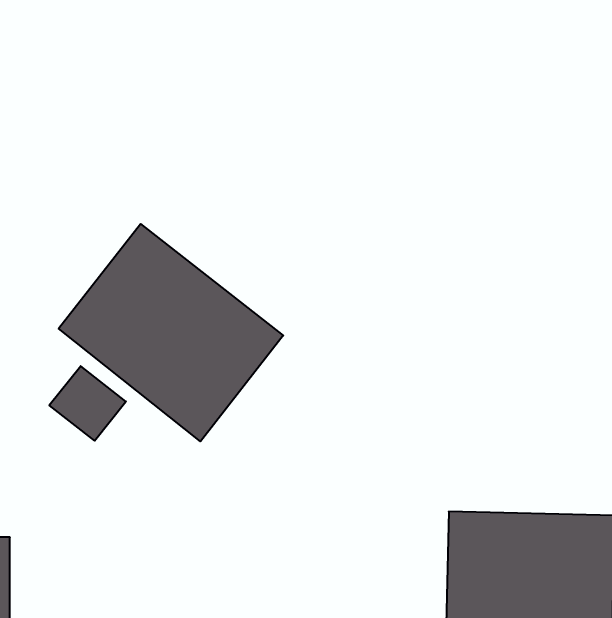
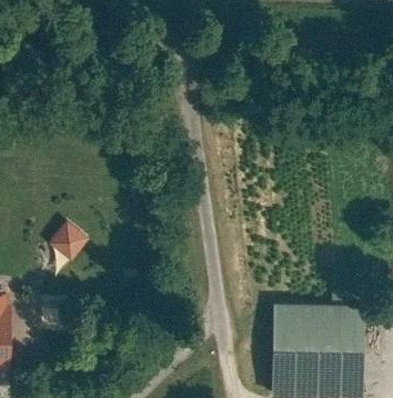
building: [59,224,283,441] -> none

